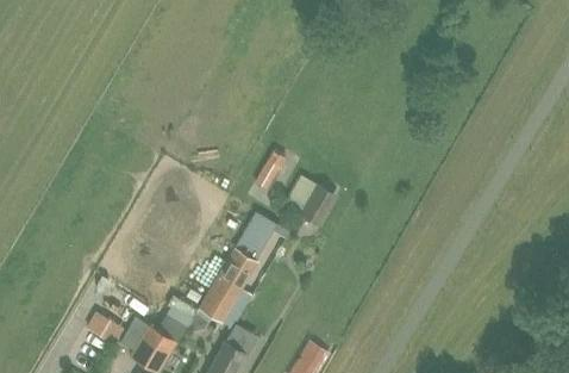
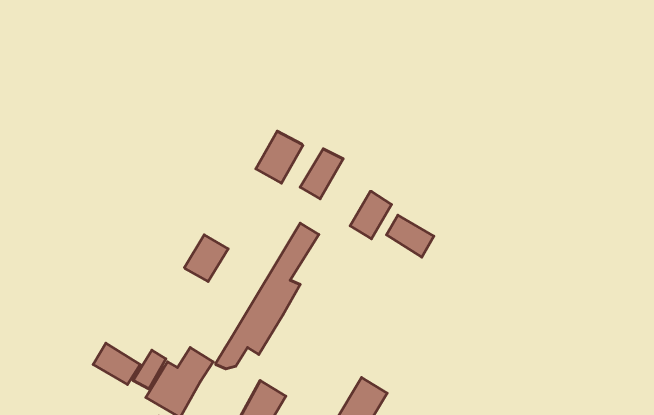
building: none -> [256,131,303,183]
building: none -> [386,215,434,257]
building: none -> [185,235,228,281]

